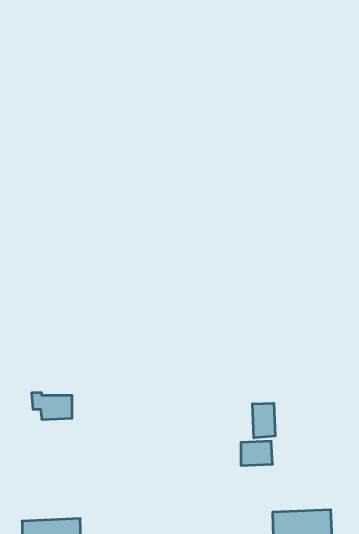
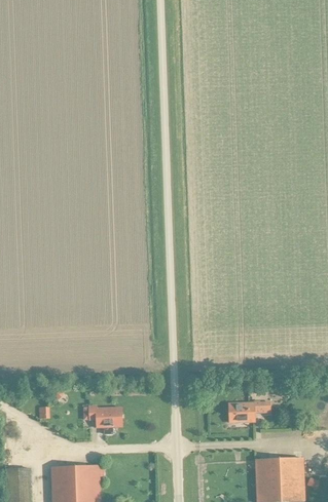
building: [32,393,72,419] -> [89,407,122,428]
building: [253,403,275,438] -> none

